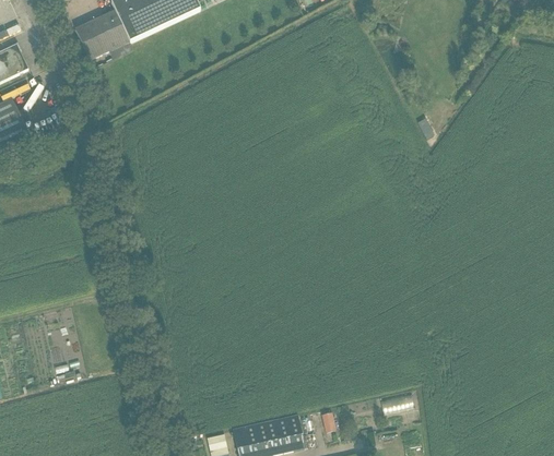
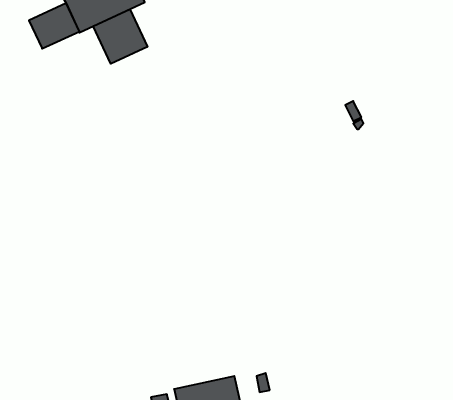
building: none -> [93,9,147,64]

